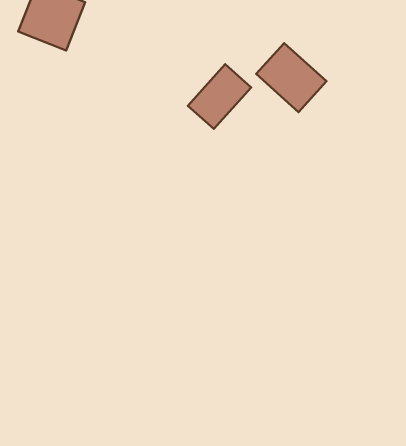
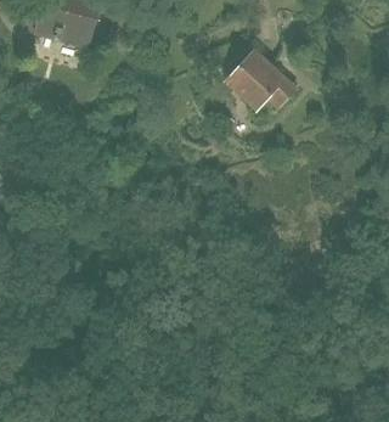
building: [188,64,251,129] -> none

